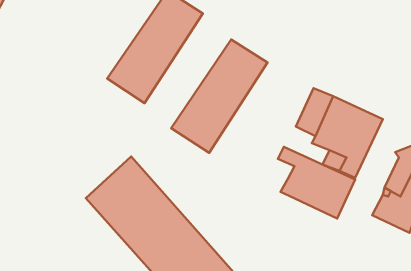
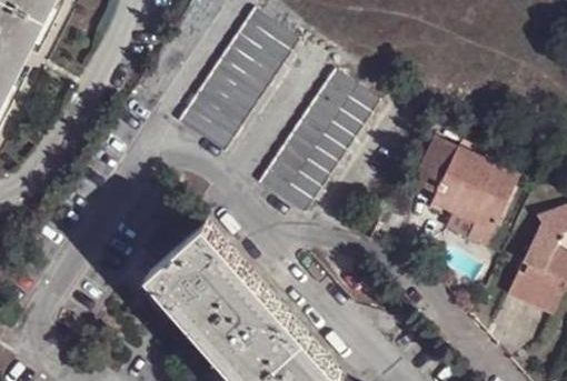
building: [278,147,355,219] -> none

